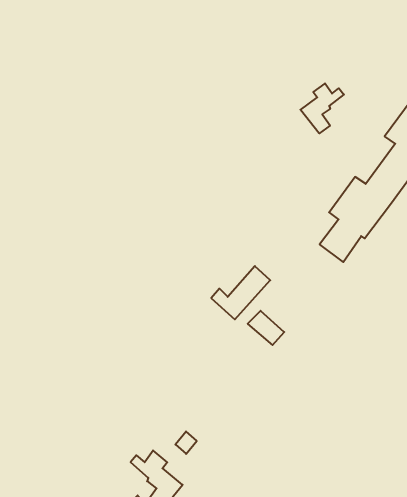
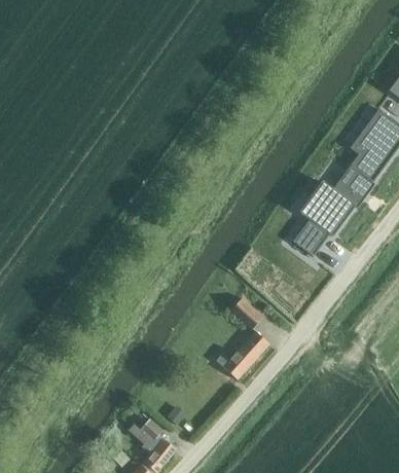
building: [300,83,344,133] -> none
building: [211,266,270,319] -> [215,332,266,378]

